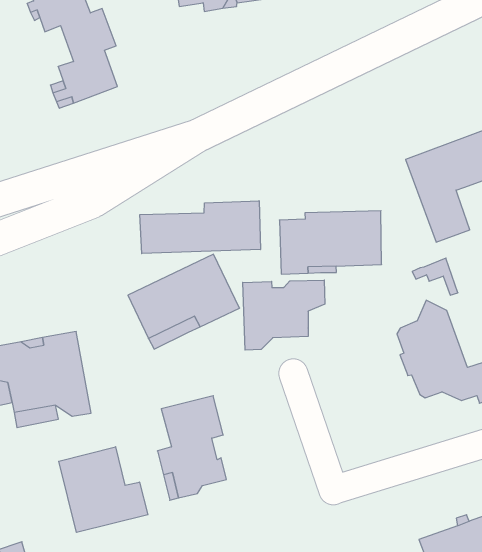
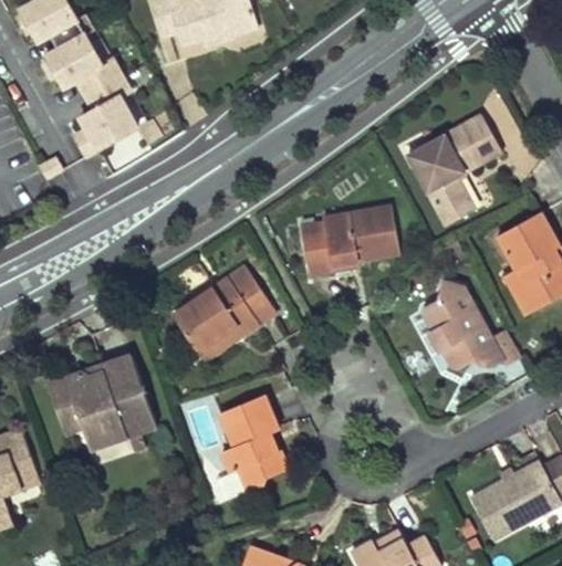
building: [140,201,260,254] -> none
building: [243,280,325,350] -> none
building: [59,447,148,532] -> none

